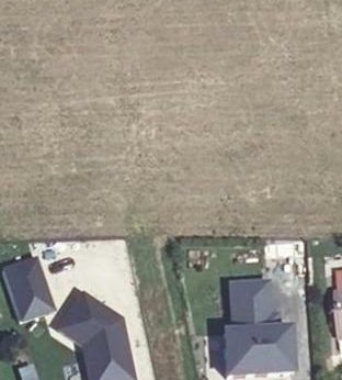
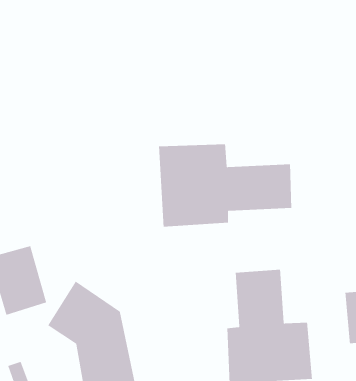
building: none -> [158,144,292,228]

